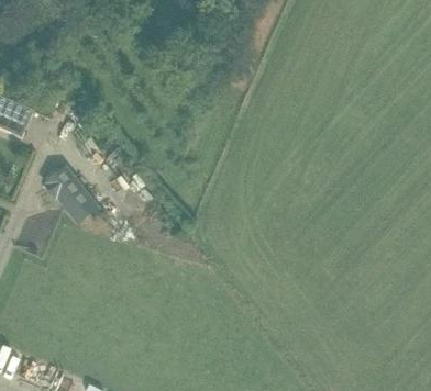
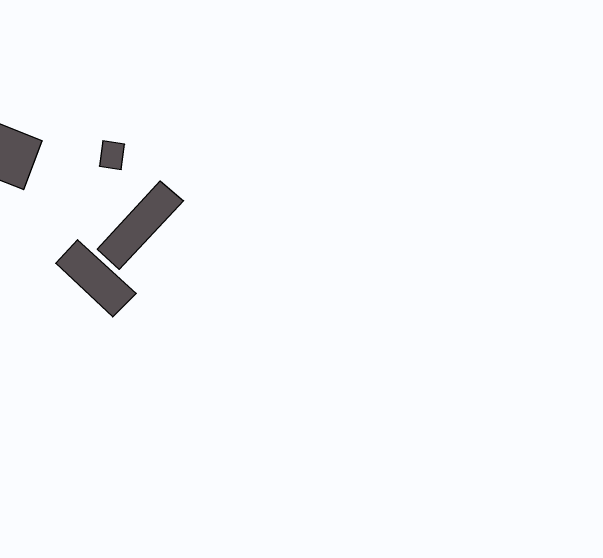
building: none -> [97,181,184,269]

